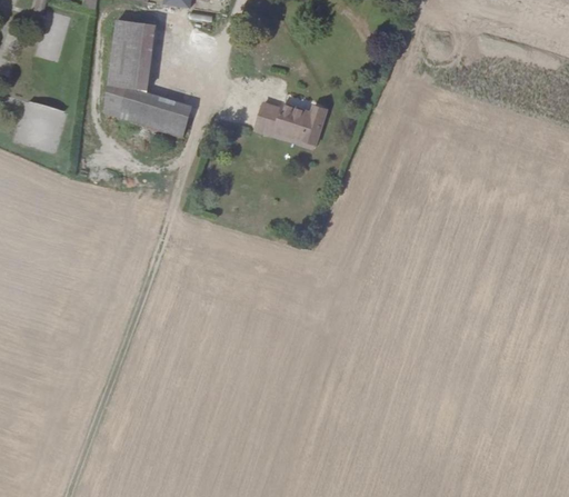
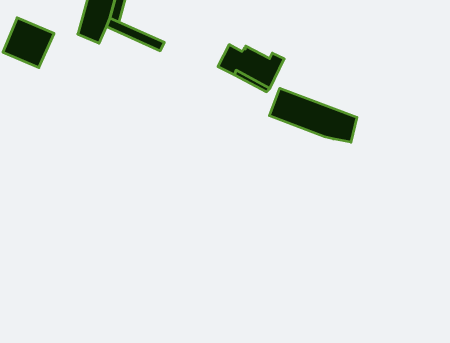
building: [121,98,191,137] -> none
building: none -> [269,88,357,142]

